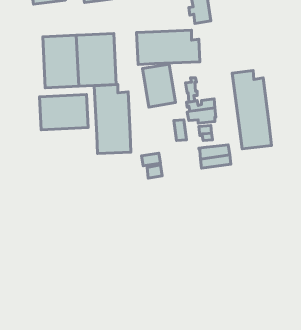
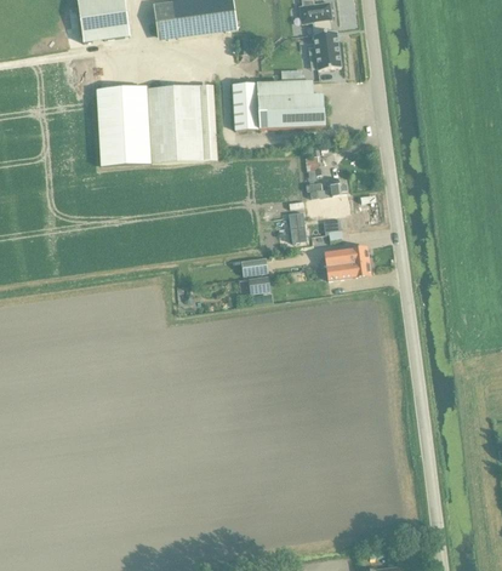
building: [142,64,176,107] -> none
building: [232,70,272,149] -> none
building: [94,84,131,153] -> none
building: [39,95,88,130] -> none

